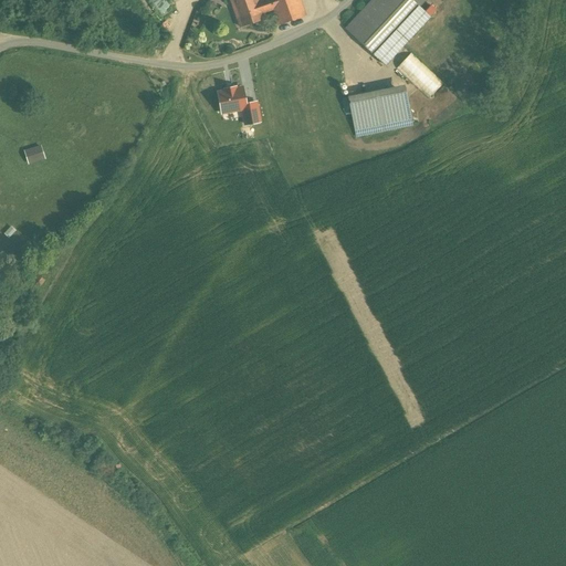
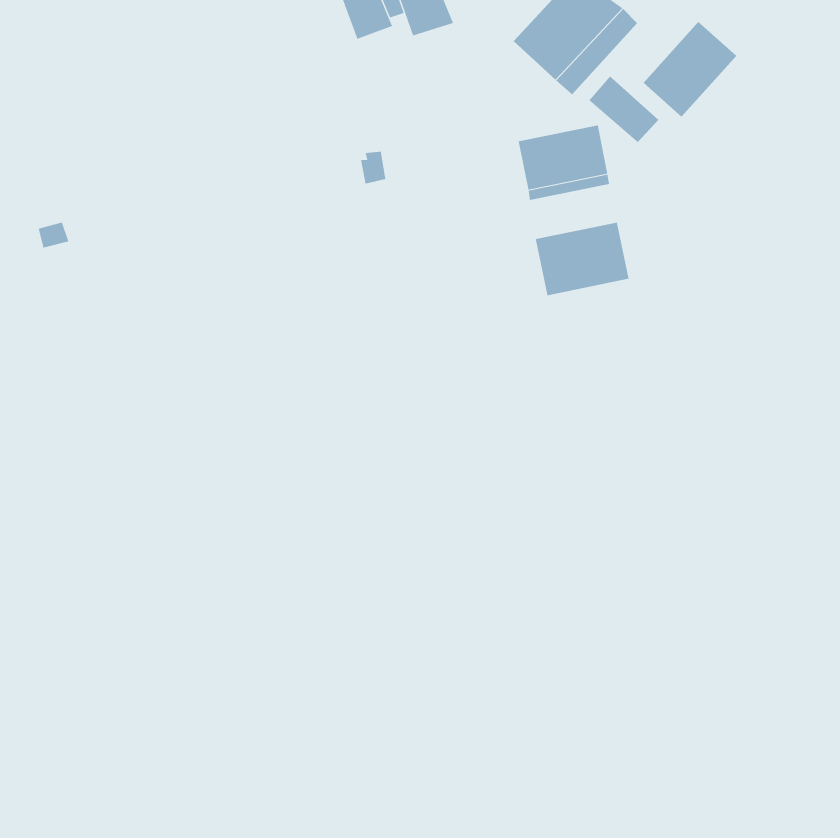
building: none -> [643,21,737,118]
building: [218,86,247,112] -> none
building: none -> [535,222,629,296]

